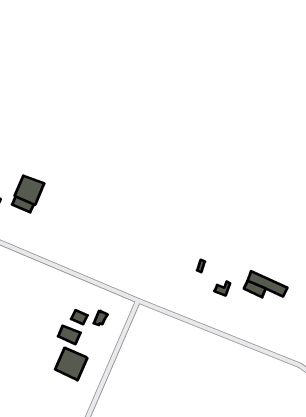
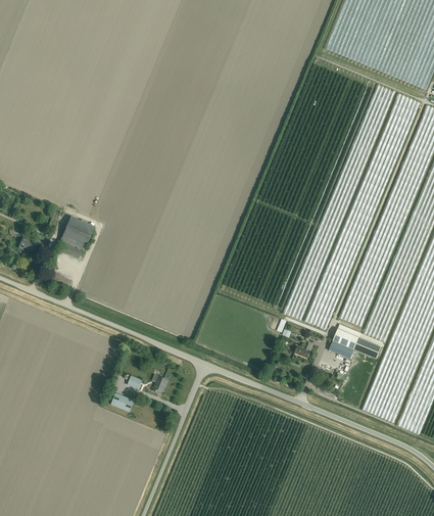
building: [55,348,87,380] -> none

